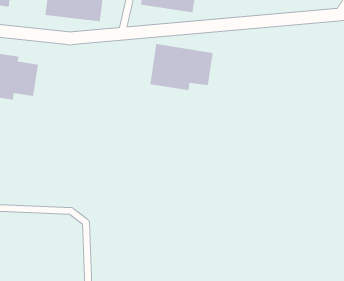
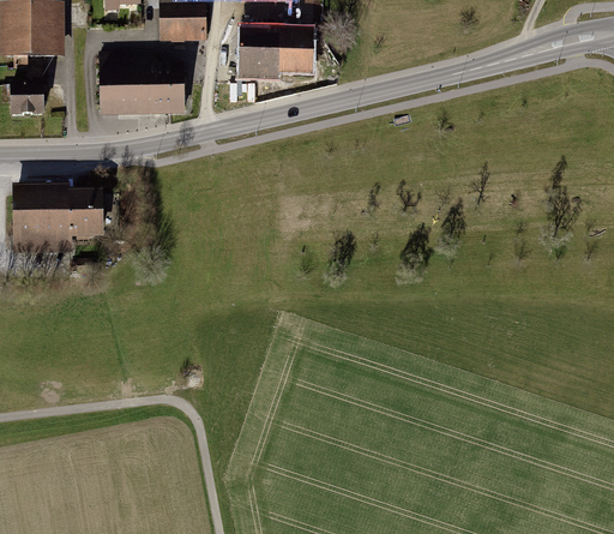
building: [150,43,213,91] -> none

